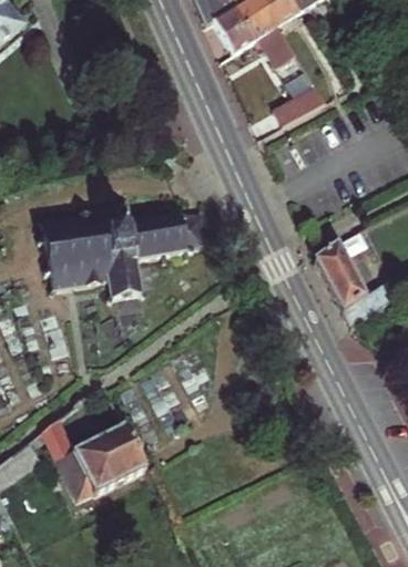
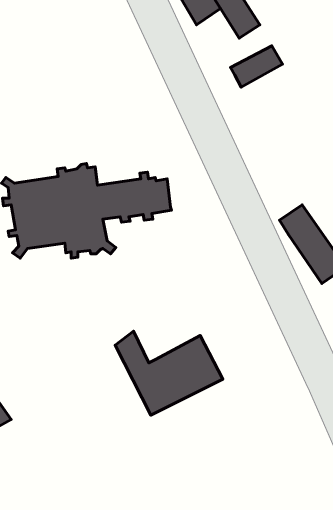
building: [38,416,147,502] -> [115,331,223,415]

